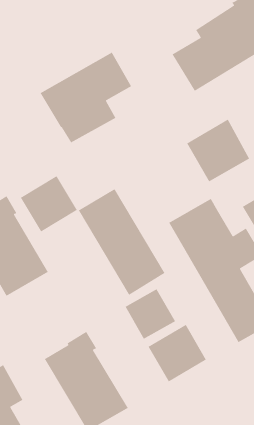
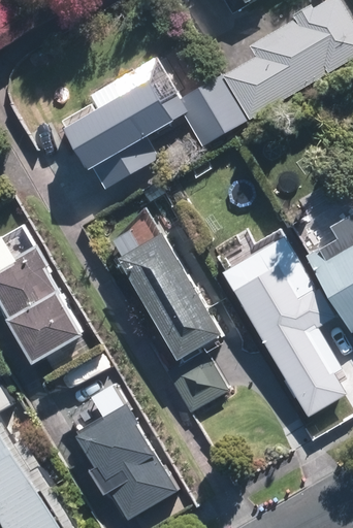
building: [186,119,250,182] -> [174,72,250,147]
building: [20,175,78,233] -> none
building: [148,324,207,383] -> none

